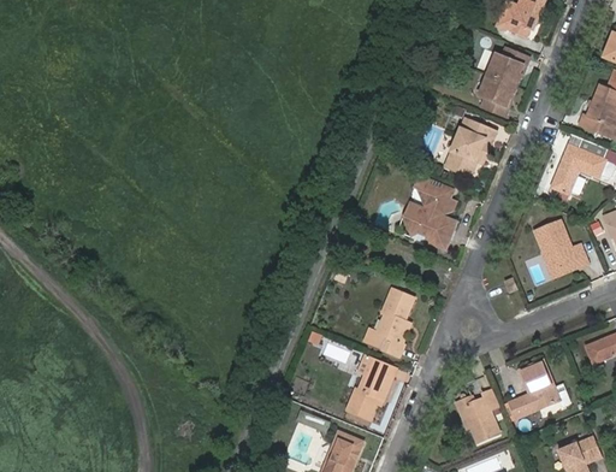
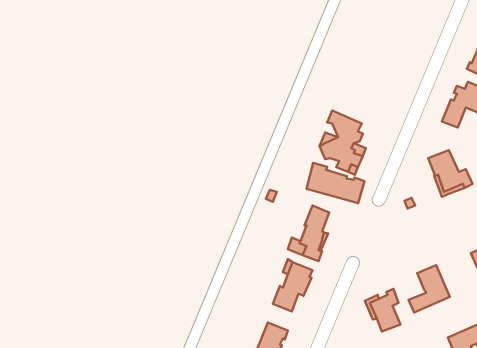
building: [480,48,528,116] -> none
building: [444,118,493,176] -> none
building: none -> [307,163,364,203]

